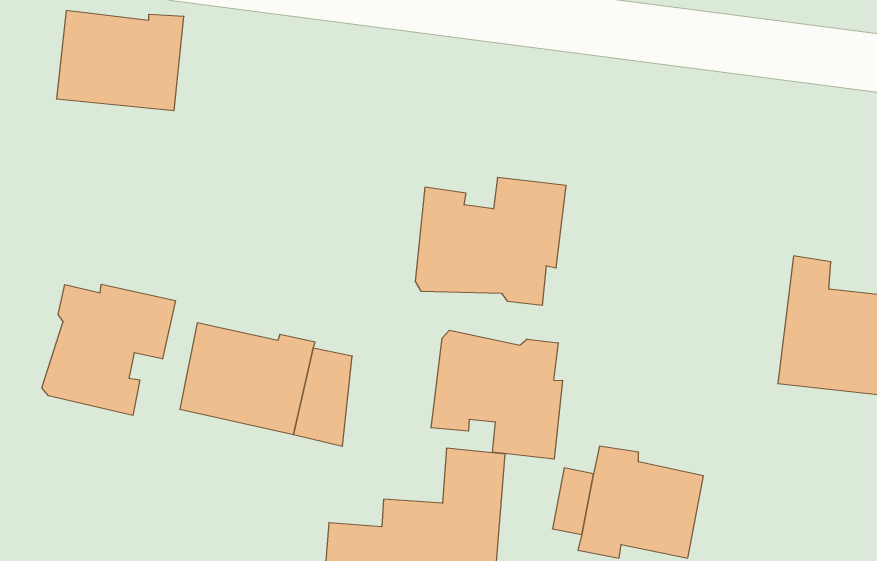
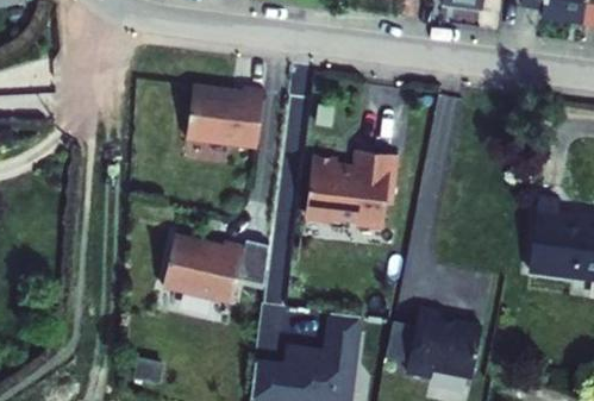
building: [56,11,184,111] -> [189,83,267,144]
building: [42,284,175,415] -> none
building: [431,330,563,459] -> none

